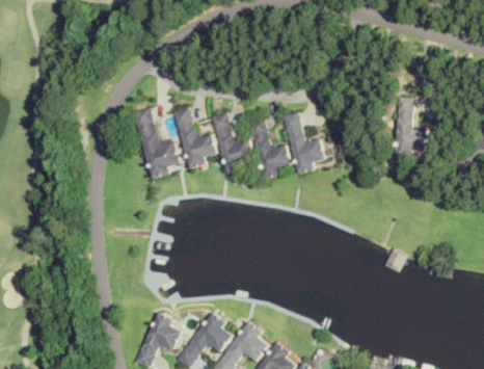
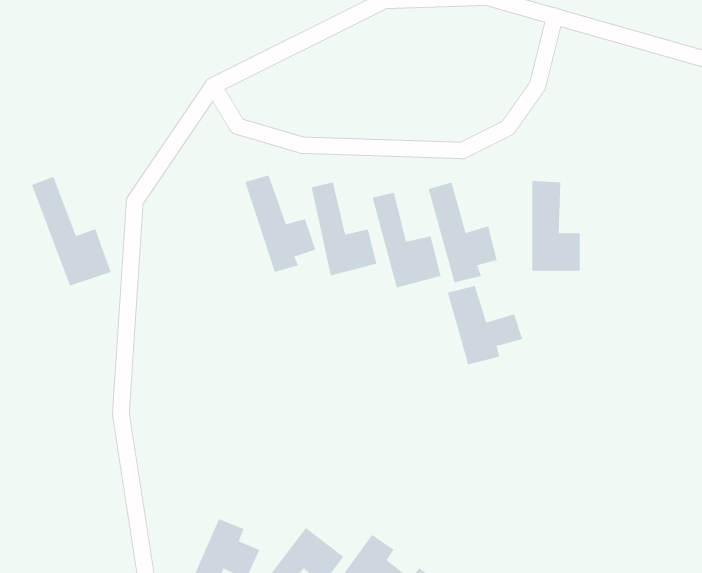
building: [396,97,425,151] -> [532,180,580,271]
building: [133,108,181,174] -> [31,176,111,286]
building: none -> [447,285,523,365]

